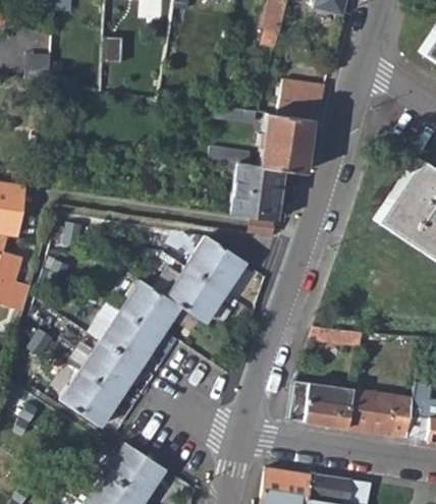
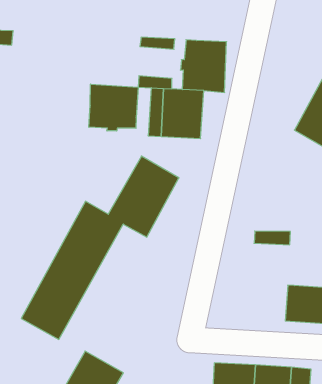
building: [279,80,328,120] -> none
building: none -> [89,84,138,131]
building: [290,381,355,429] -> none

